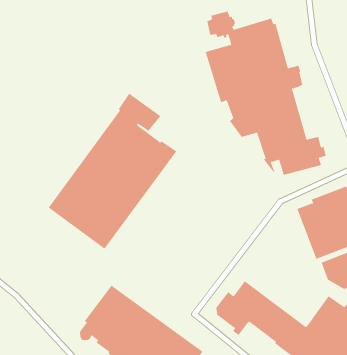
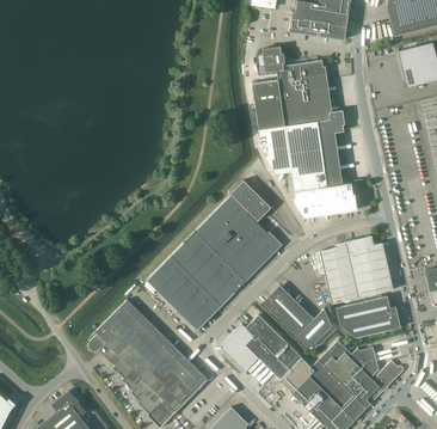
building: [48,93,177,249] -> [148,179,283,330]
building: none -> [263,284,332,348]

